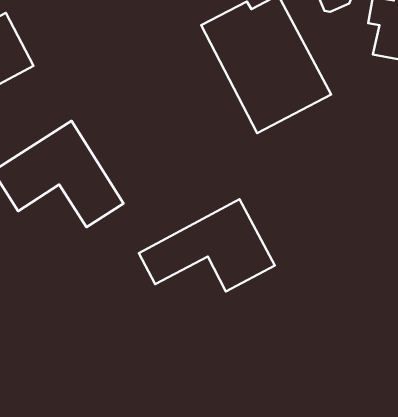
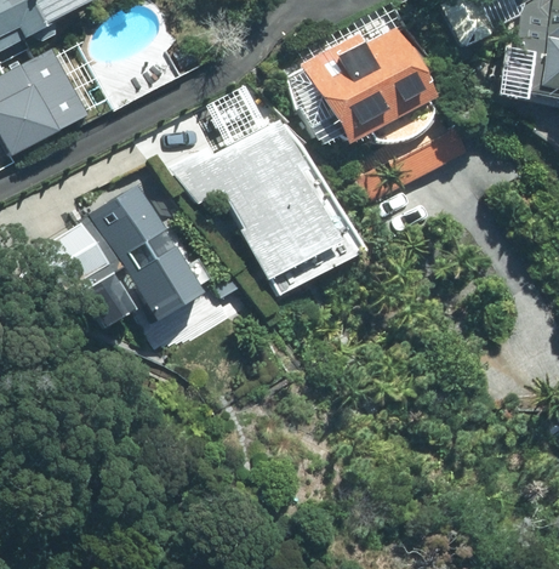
building: none -> [170,118,337,277]
building: [139,199,275,291] -> none

